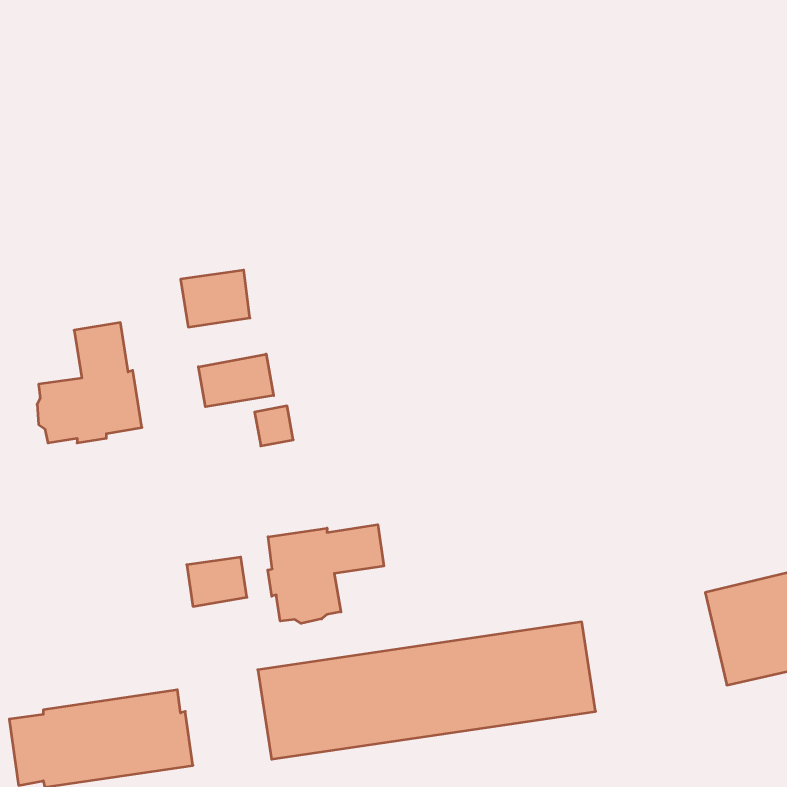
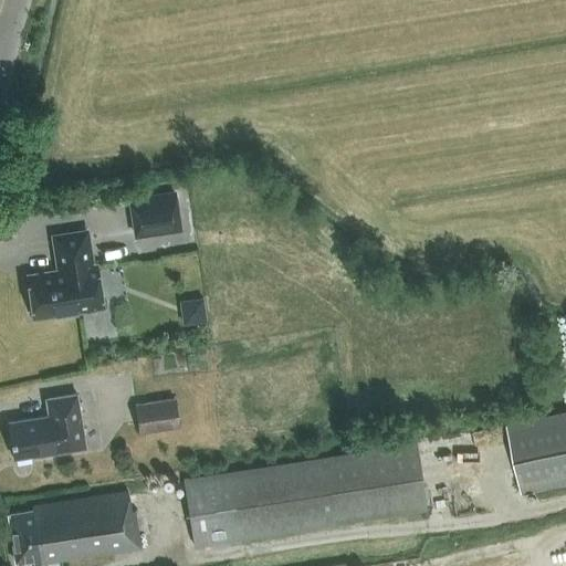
building: [198,354,274,407] -> none
building: [268,525,384,623] -> none
building: none -> [8,395,85,459]

